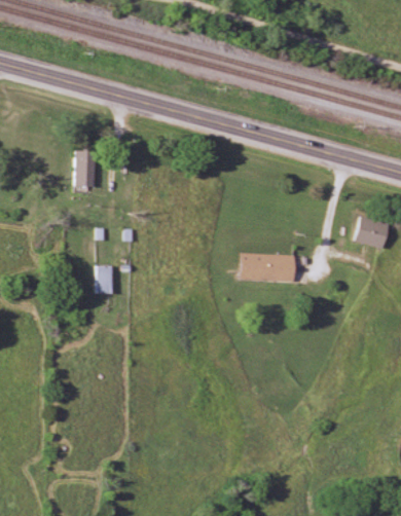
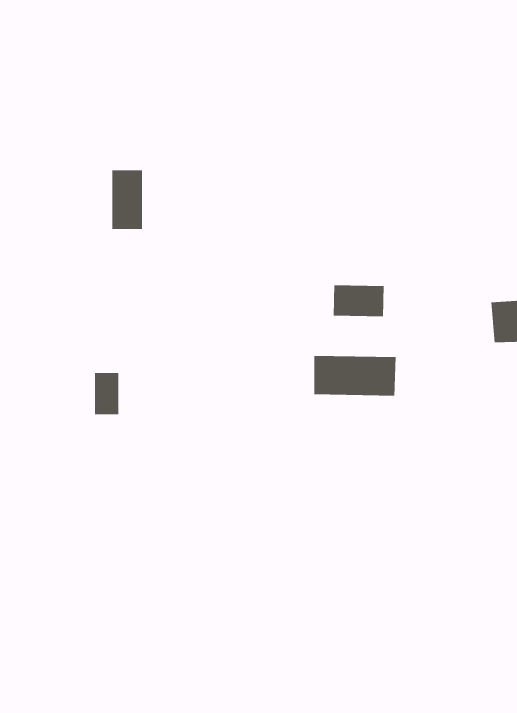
building: [74,151,95,190] -> [111,170,143,229]
building: none -> [333,284,384,317]

